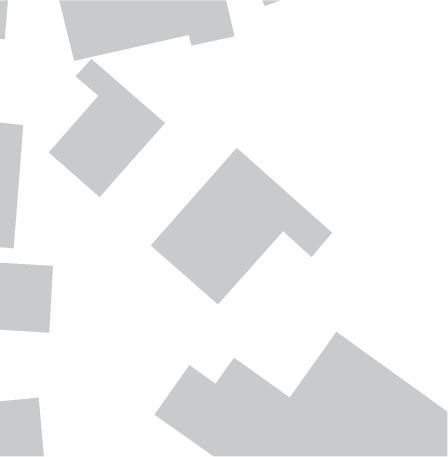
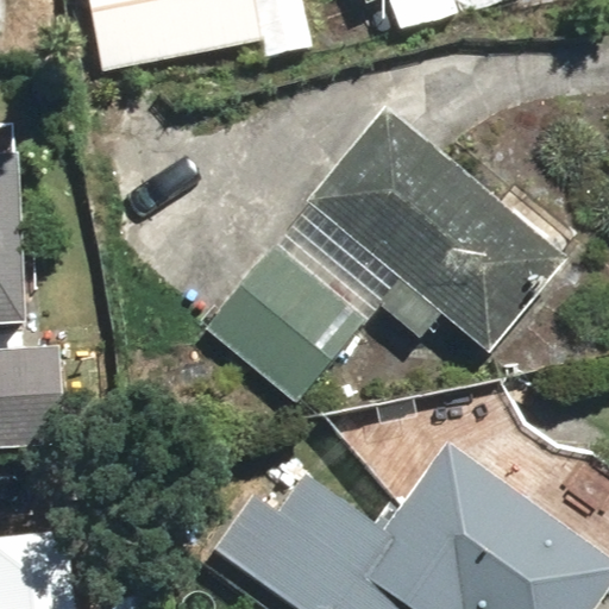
building: [48,58,166,198] -> none
building: none -> [314,108,569,353]

